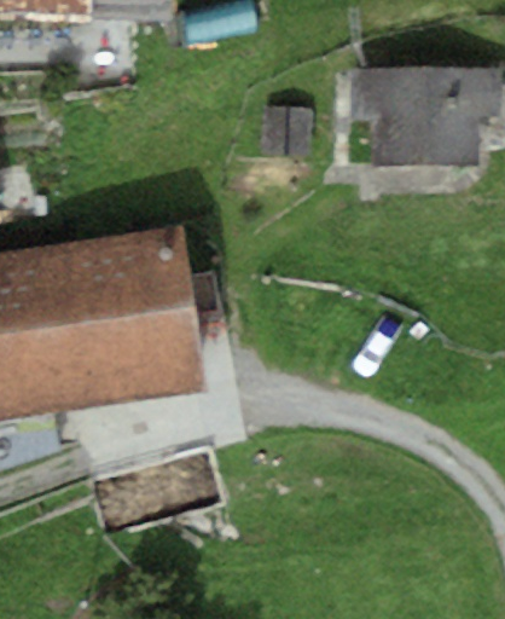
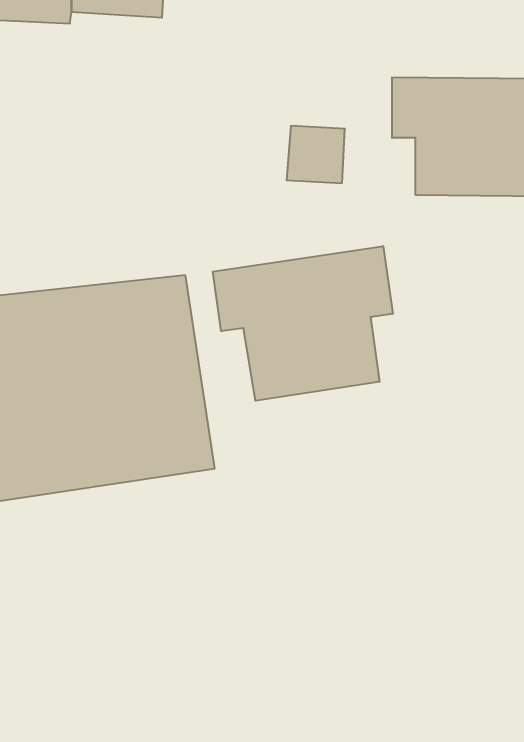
building: none -> [213,246,393,401]

